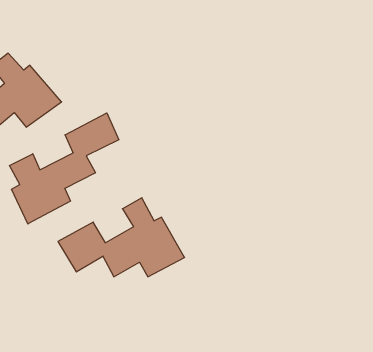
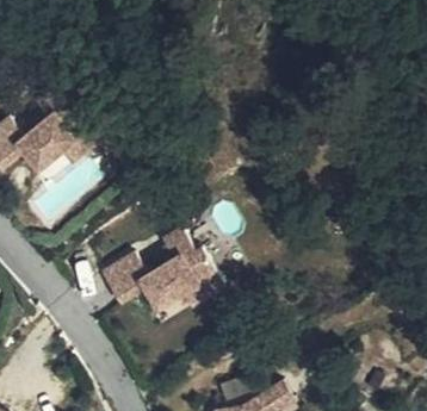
building: [9,113,119,224] -> none

